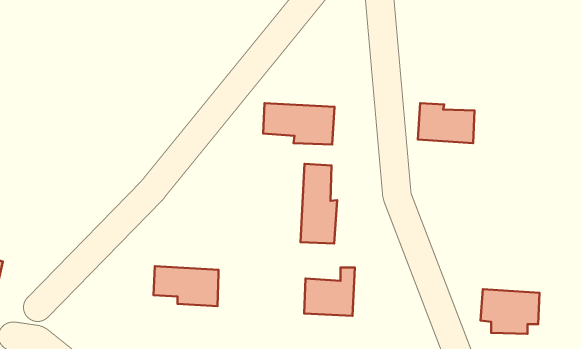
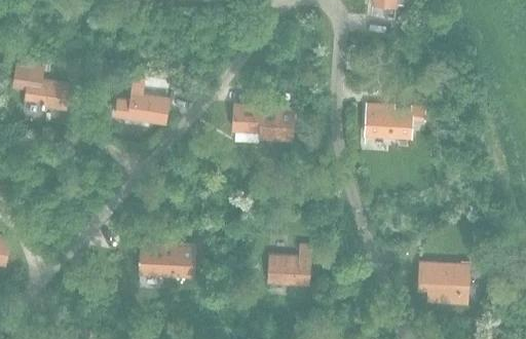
building: none -> [13,63,69,118]
building: none -> [115,78,168,124]
building: [300,164,337,243] -> none

